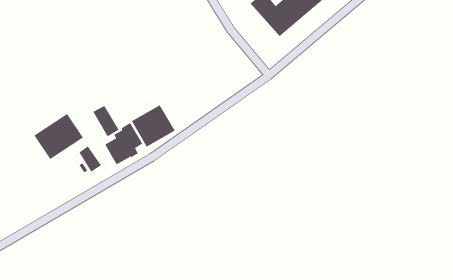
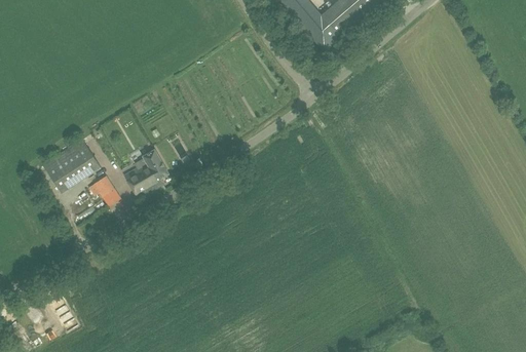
building: [131,104,175,148] -> none
building: [93,105,120,137] -> none

